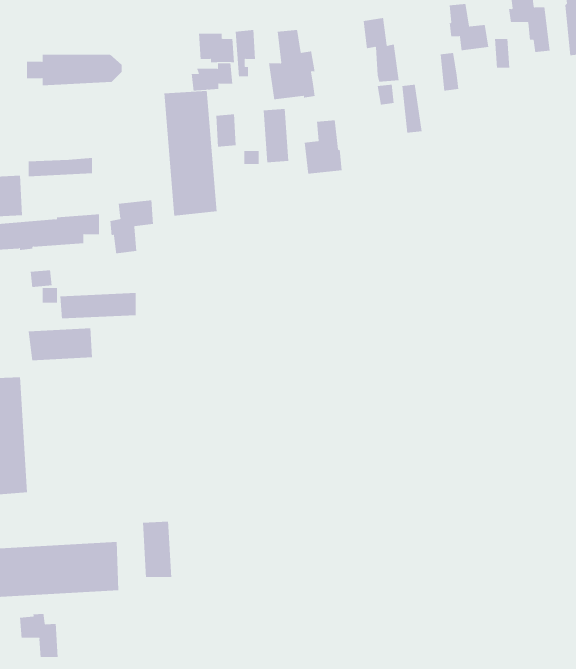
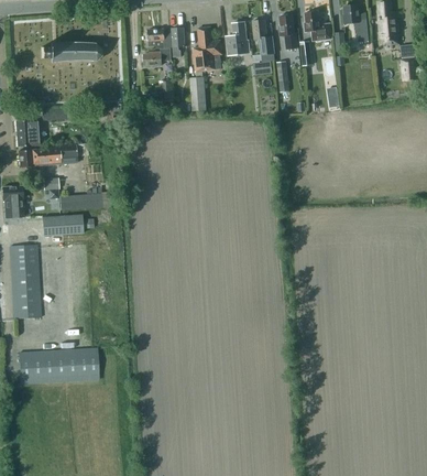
building: none -> [278,14,298,51]
building: [164,90,217,216] -> none
building: [304,120,342,174] -> [225,22,249,56]
building: [110,200,154,254] -> none
building: [142,521,172,578] -> none
building: [20,613,58,658] -> none

